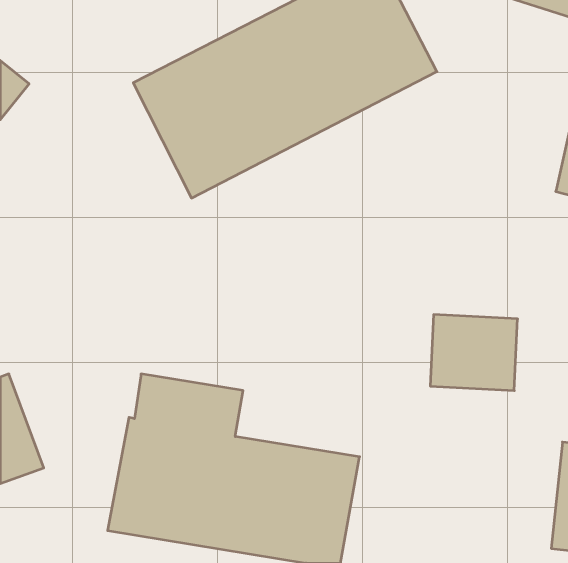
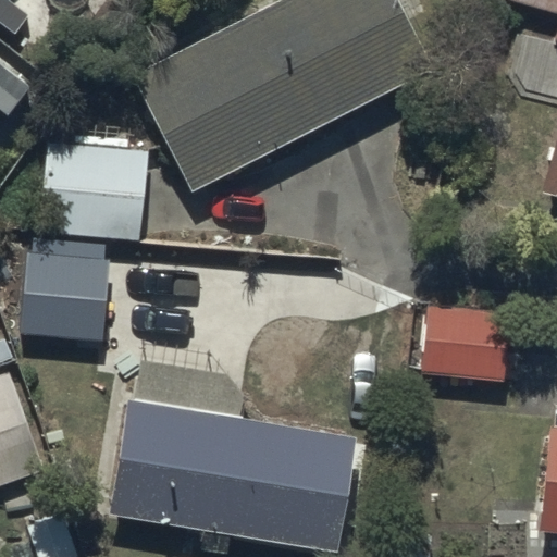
building: none -> [40,145,145,240]
building: none -> [25,239,109,324]

